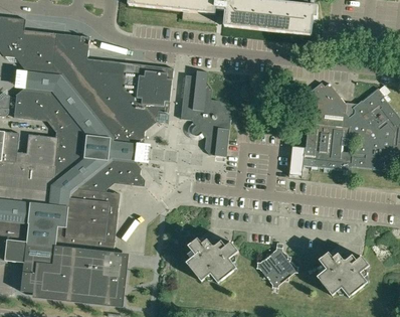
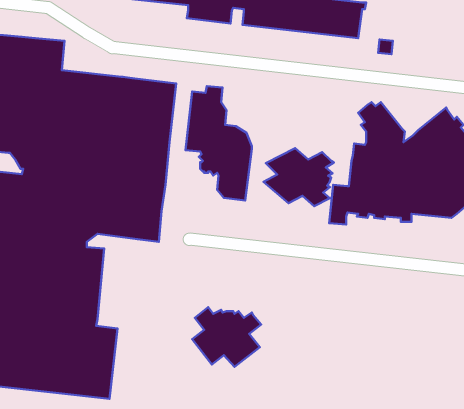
building: none -> [264,148,334,206]
building: [255,244,296,287] -> none
building: [315,251,368,296] -> none

